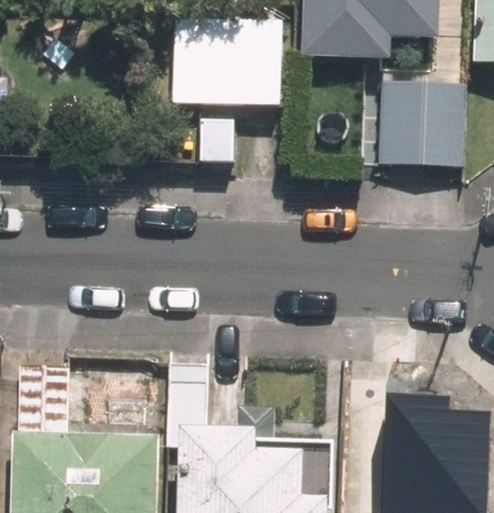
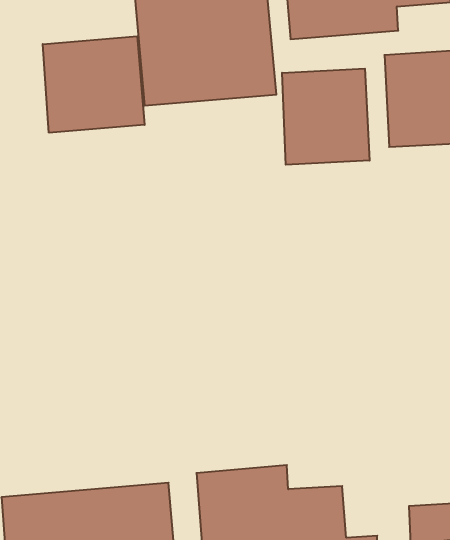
building: none -> [43,36,145,133]
building: none -> [282,69,370,165]

